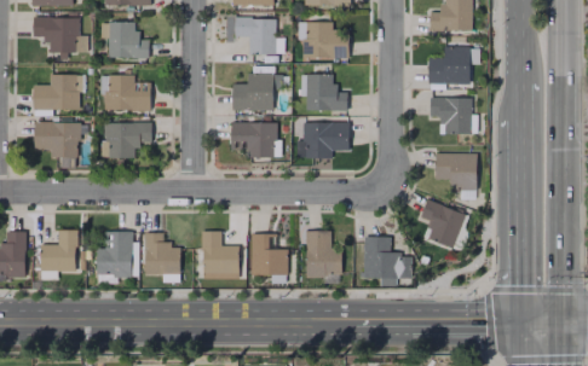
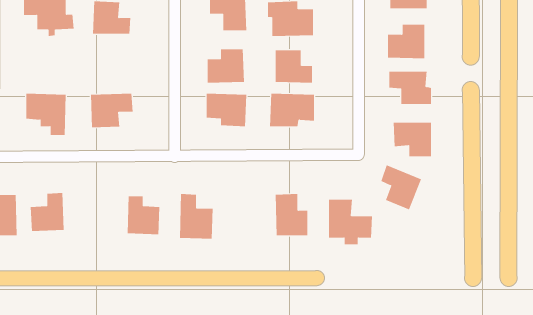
building: [33,75,85,110] -> none
building: [106,75,151,111] -> none
building: [97,232,133,277] -> none
building: [250,234,289,275] -> none

